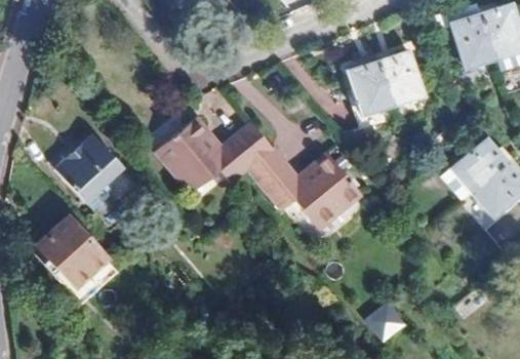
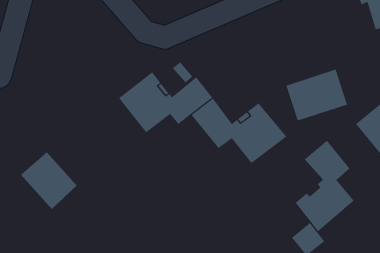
building: [345,50,422,115] -> [285,69,348,121]
building: [52,129,136,211] -> none
building: none -> [295,140,354,232]

